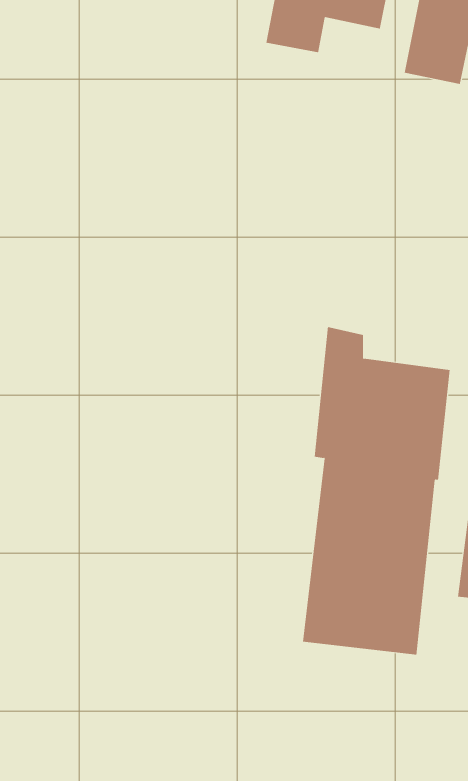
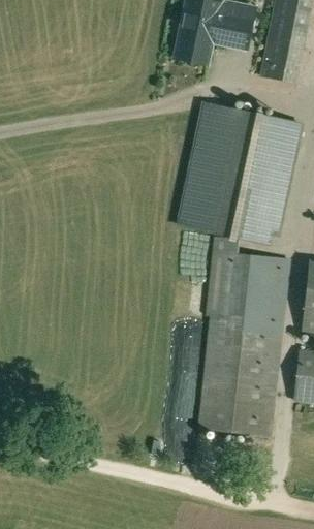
building: none -> [189,104,295,243]

